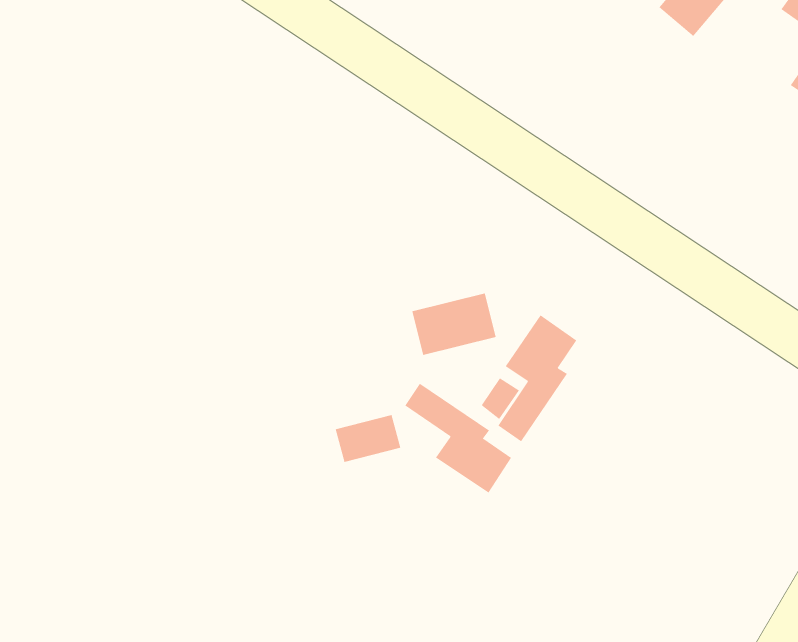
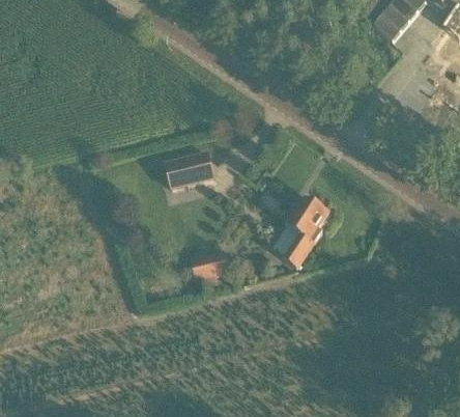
building: [411,293,497,356] -> [166,152,213,188]
building: [405,383,512,494] -> none

